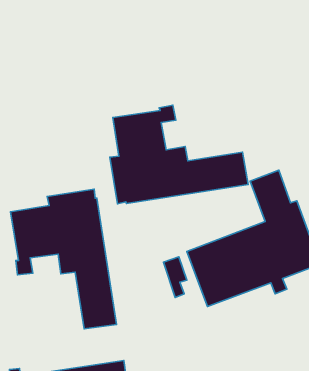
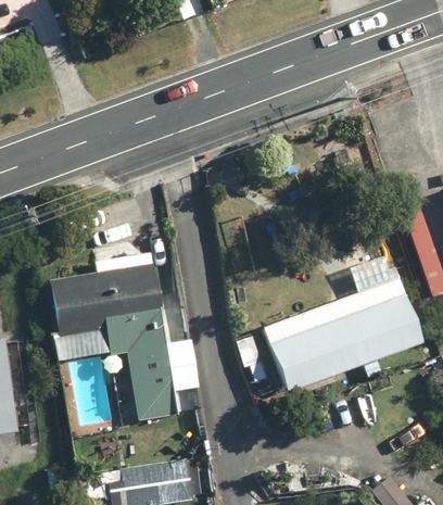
building: [110,105,248,204] -> none

